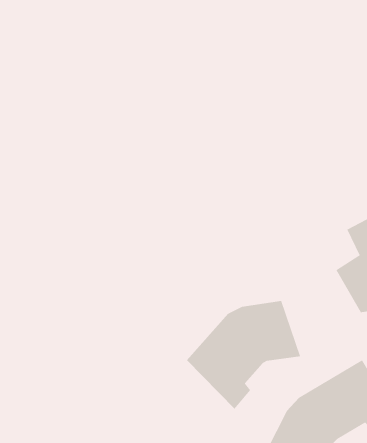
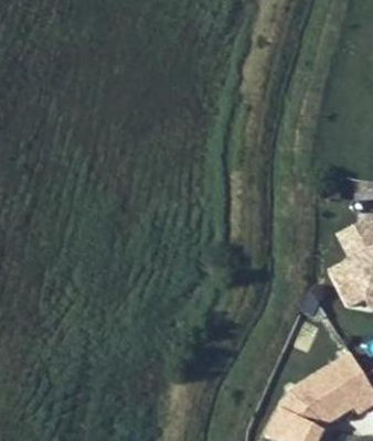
building: [186,300,301,409] -> none

